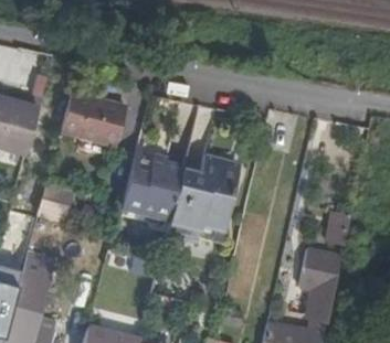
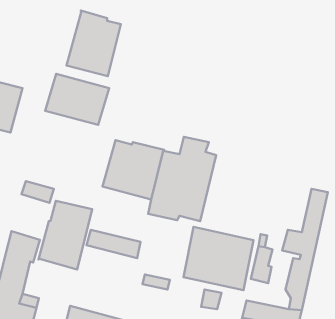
building: none -> [66,10,121,76]
building: none -> [38,201,92,270]
building: none -> [183,227,253,290]

